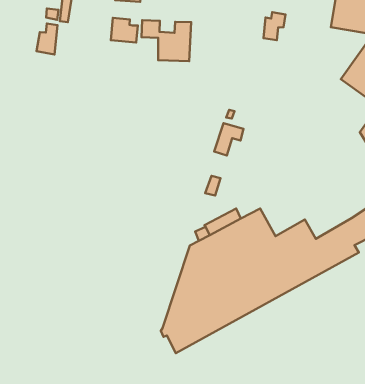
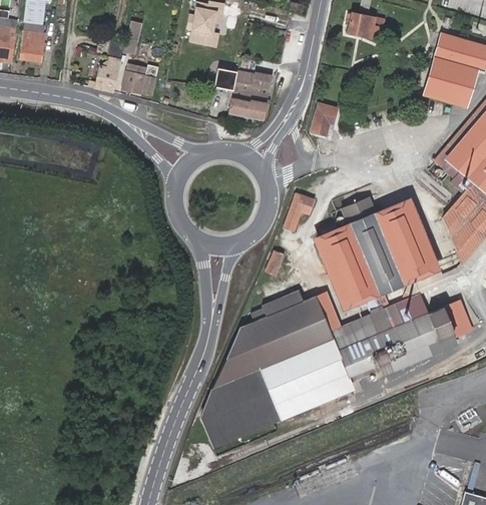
building: [263,12,286,40] -> [311,103,339,135]
building: [111,18,138,43] -> [121,64,153,95]
building: none -> [317,200,439,308]
building: none -> [375,292,428,334]

